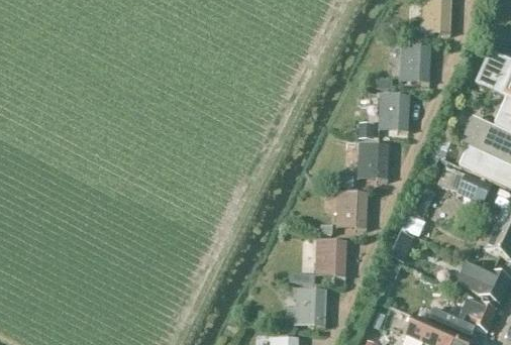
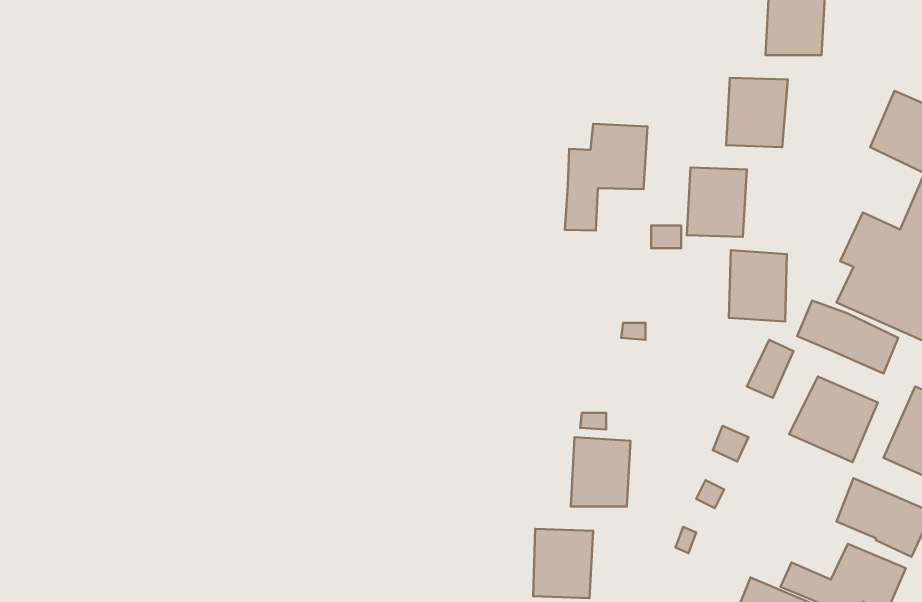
building: none -> [565,124,647,231]
building: [357,141,389,180] -> [729,250,787,321]
building: [336,191,369,228] -> none
building: none -> [789,377,878,462]

